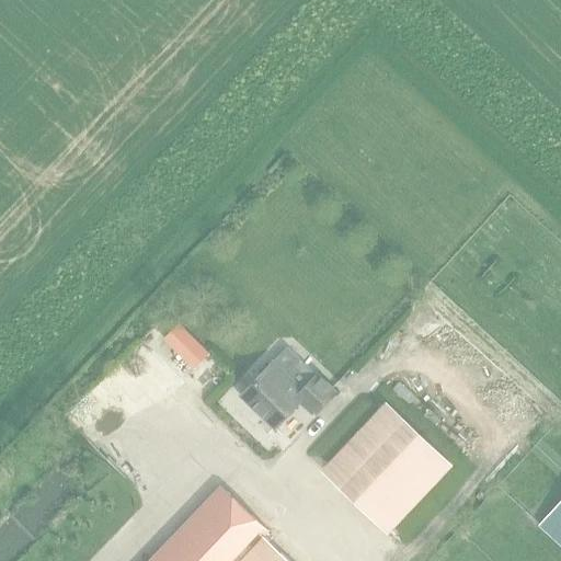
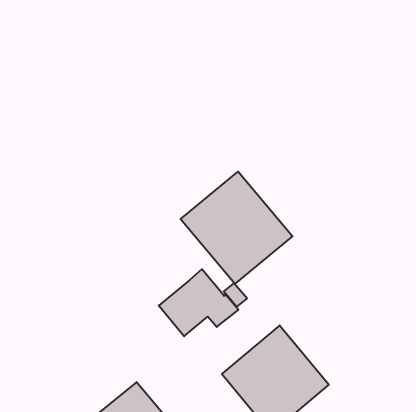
building: none -> [181,172,293,284]
building: [163,324,208,369] -> none

